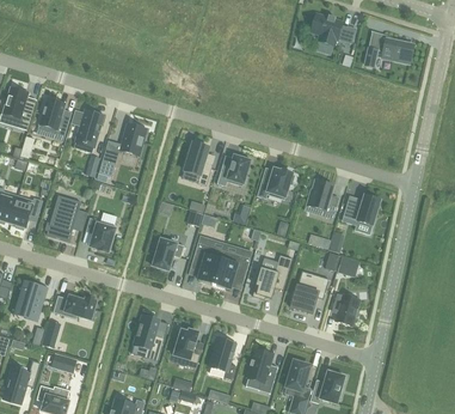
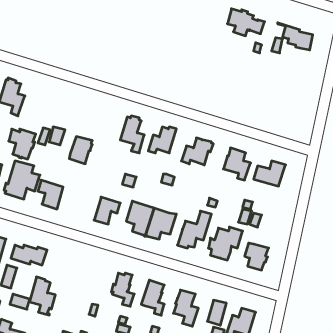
building: [70,109,103,145] -> [9,129,36,159]
building: [118,123,146,156] -> [69,137,92,164]
building: [133,315,164,360] -> [29,277,55,315]

